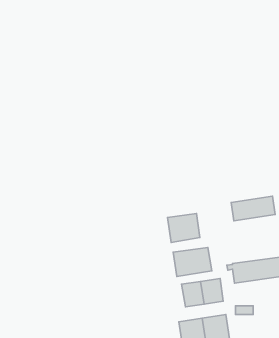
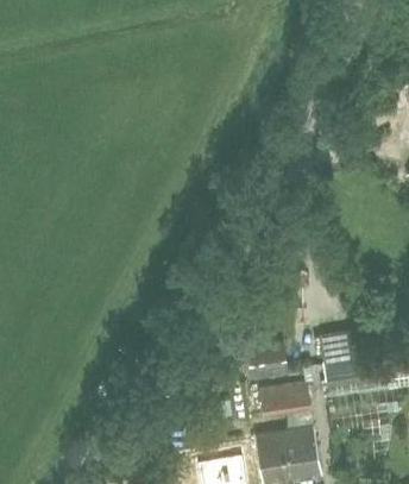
building: [231,196,275,221] -> none
building: [167,214,200,243] -> none

